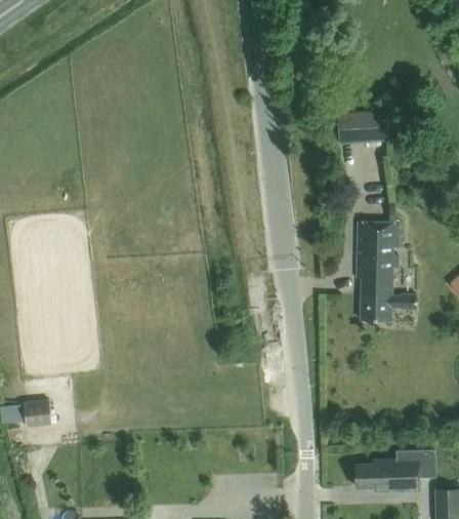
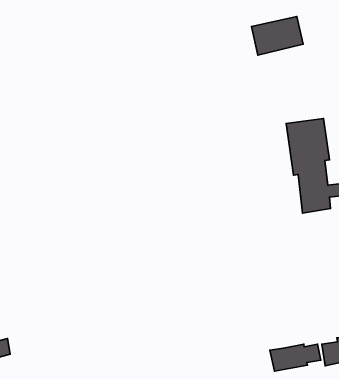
building: [22,400,50,425] -> none
building: none -> [270,344,321,371]

